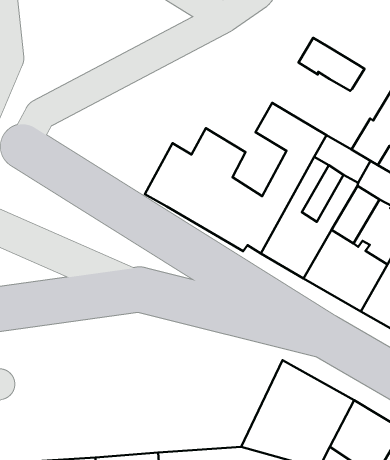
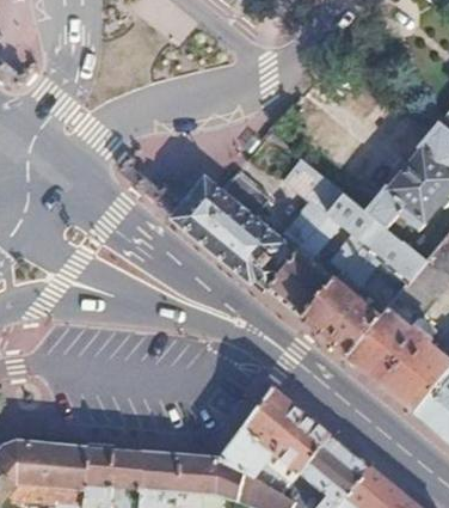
building: [299,38,365,91] -> none

